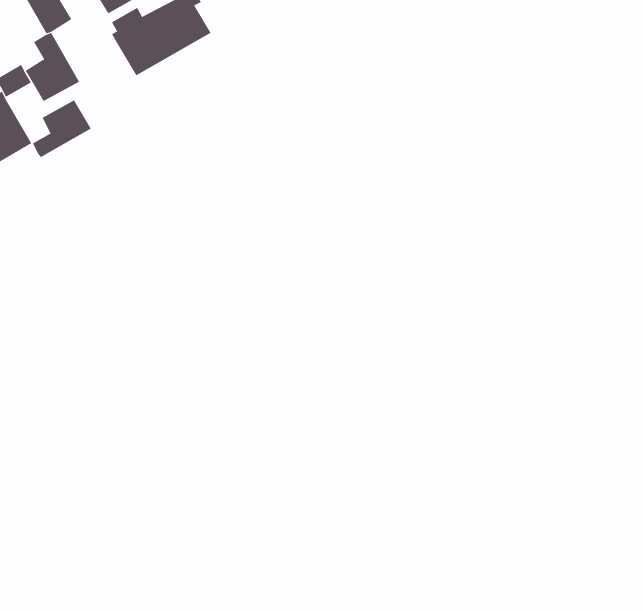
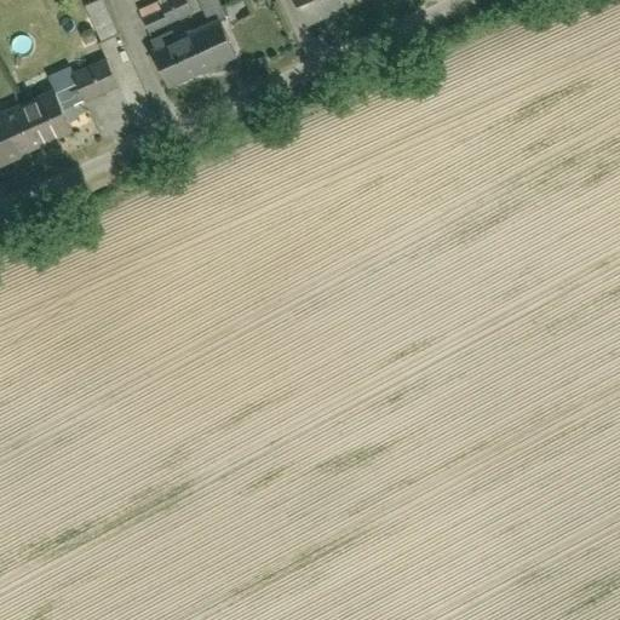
building: [32,99,92,158] -> none

